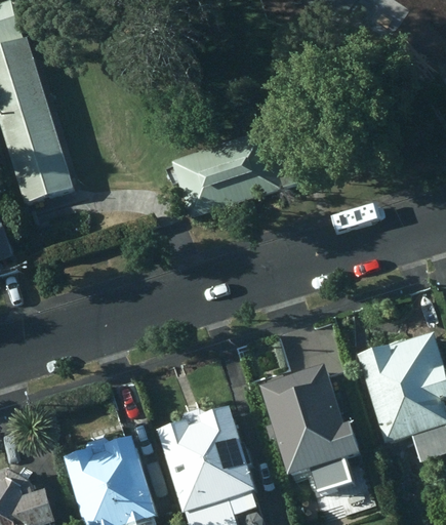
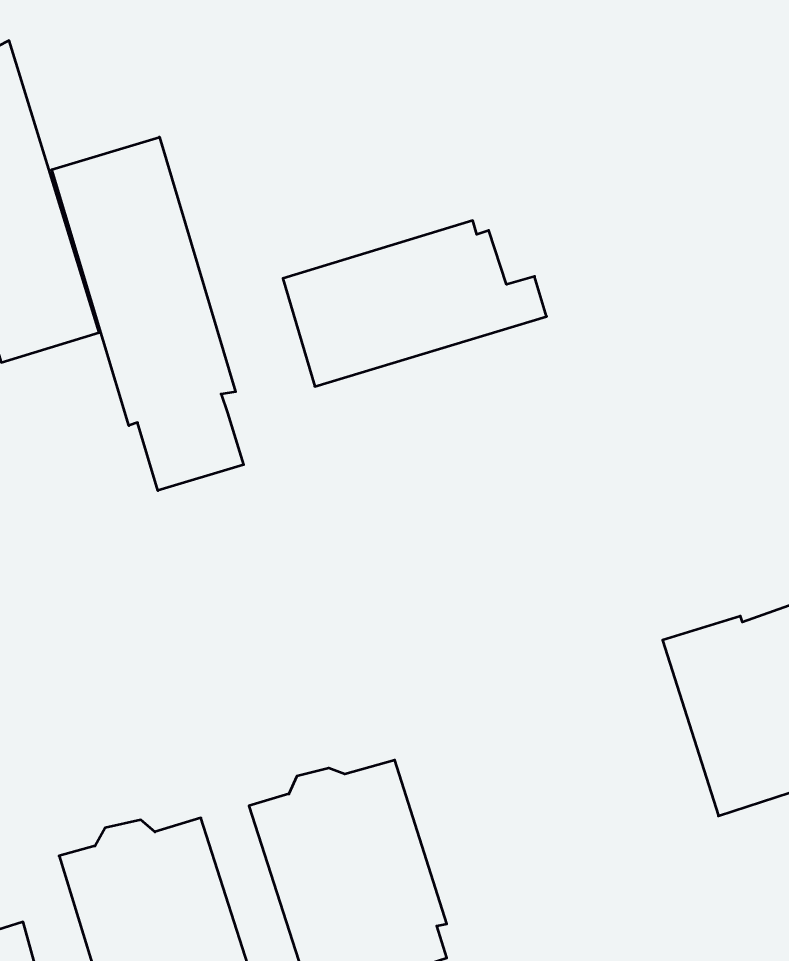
building: none -> [52,137,244,491]
building: [254,371,360,500] -> none

